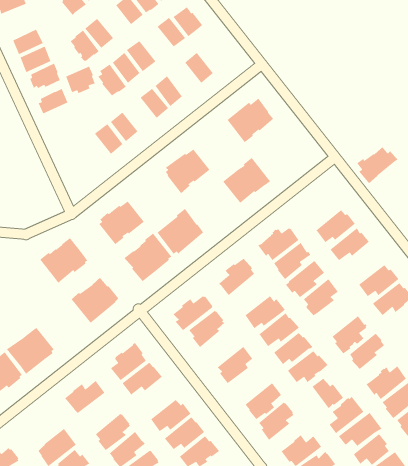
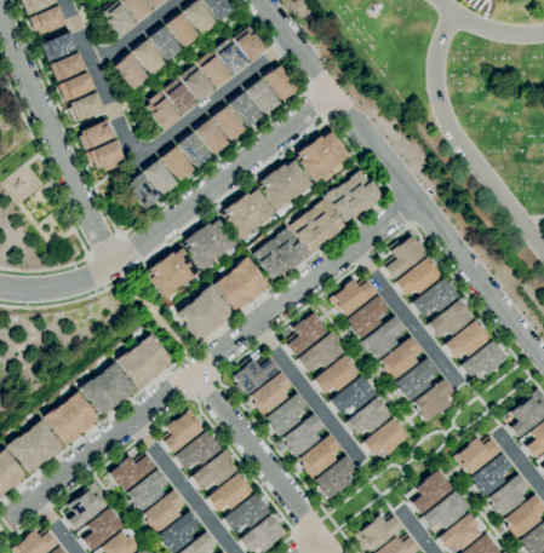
building: none -> [149,27,183,62]
building: none -> [41,33,76,62]
building: none -> [196,51,231,88]
building: none -> [263,65,299,102]
building: none -> [229,92,263,128]
building: [65,66,96,94] -> [90,139,125,172]
building: none -> [177,132,211,168]
building: none -> [259,161,313,212]
building: none -> [325,169,383,223]
building: none -> [126,173,160,211]
building: [356,146,398,184] -> [380,236,429,280]
building: none -> [184,219,237,271]
building: none -> [253,227,309,280]
building: [39,237,88,284] -> [79,363,134,416]
building: none -> [429,300,475,338]
building: none -> [298,332,344,374]
building: none -> [267,393,309,437]
building: [349,333,385,370] -> [397,358,439,401]
building: none -> [191,449,237,491]
building: [312,378,344,409] -> none
building: none -> [127,470,170,513]
building: [258,401,294,441] -> [300,434,342,479]
building: none -> [62,482,110,530]

